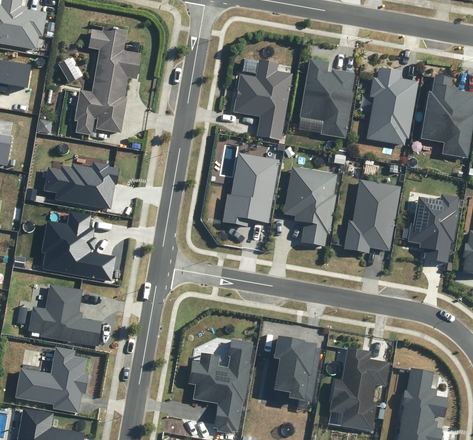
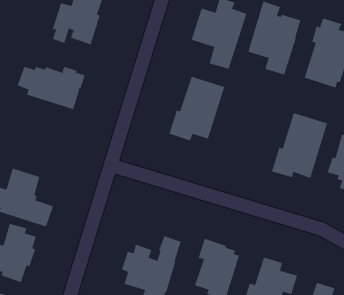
building: [282,166,337,246] -> none
building: [41,212,115,282] -> none

